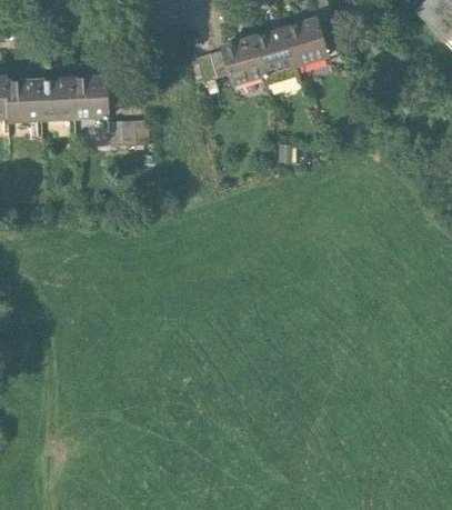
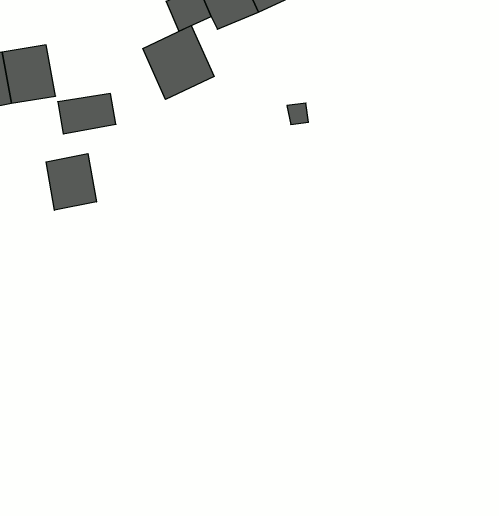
building: none -> [143,26,214,99]
building: none -> [46,154,96,210]

